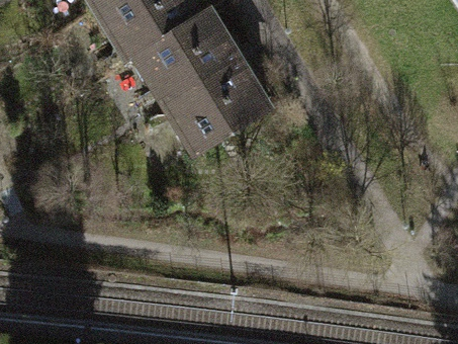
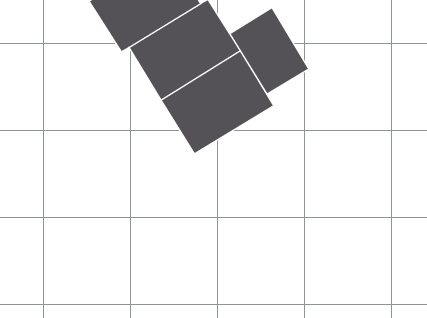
building: none -> [230,8,309,94]

